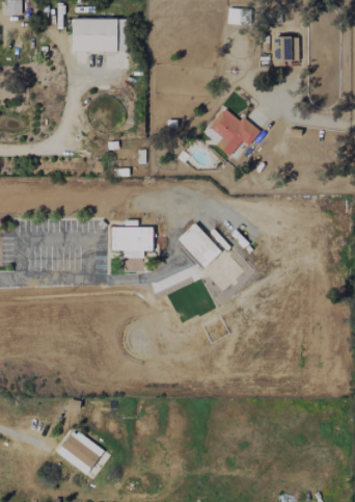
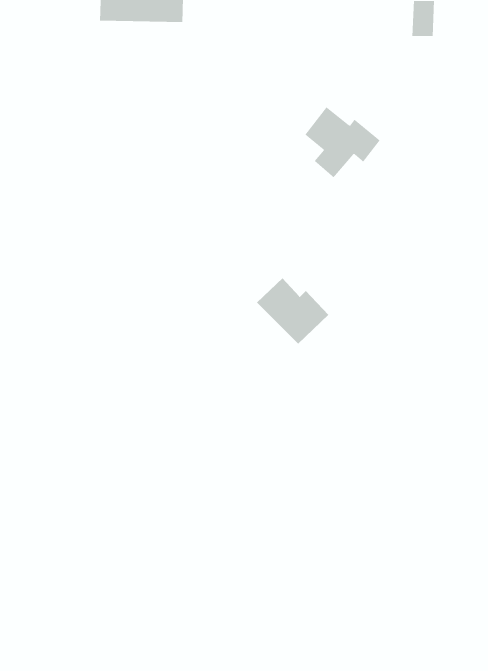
building: [112,227,154,258] -> none
building: [58,429,105,474] -> none

